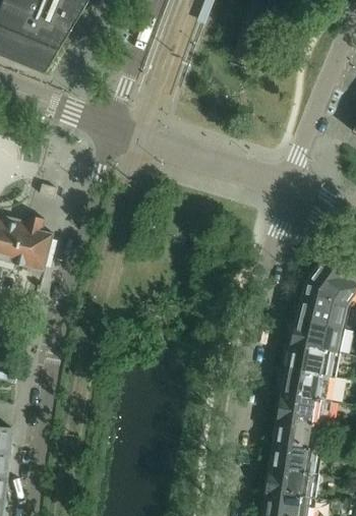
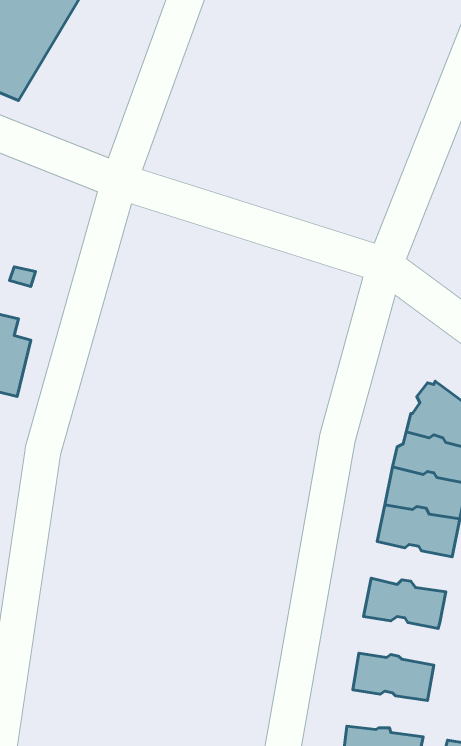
building: [281,368,335,402] -> none
building: [273,418,325,451] -> none
building: [264,467,318,499] -> none

